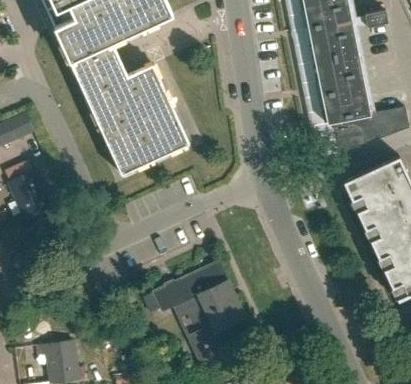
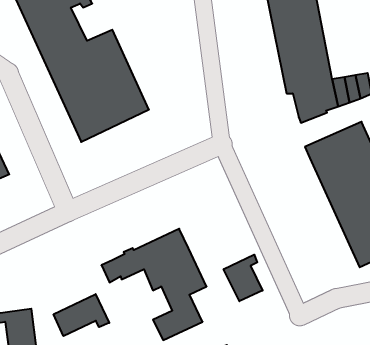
building: none -> [224,255,263,301]
building: none -> [54,294,109,336]

